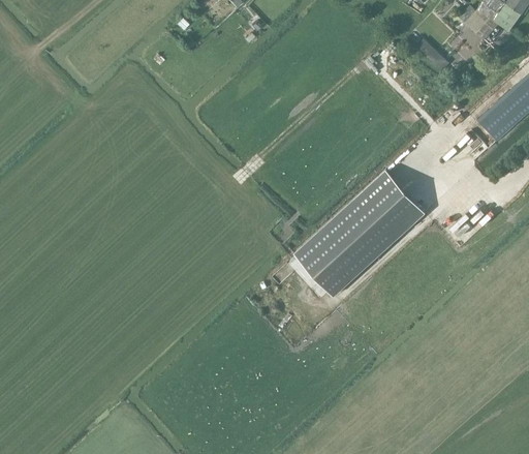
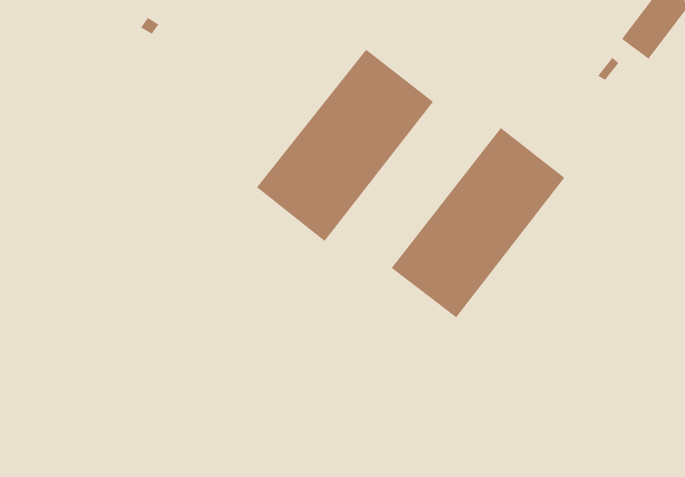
building: none -> [256,49,434,242]

